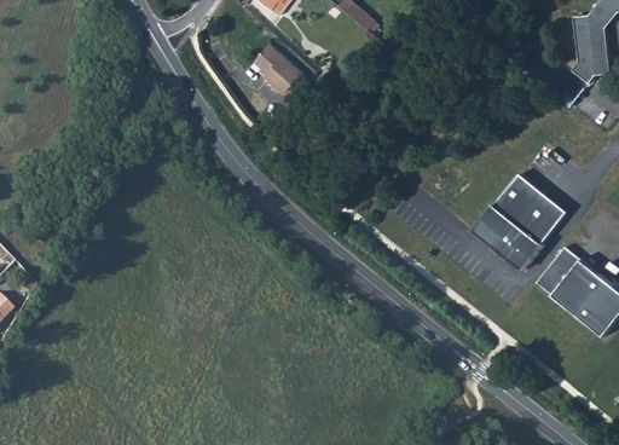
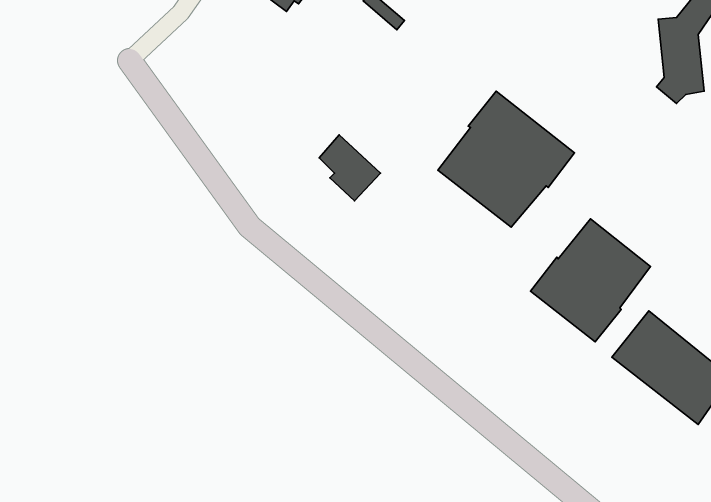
building: [260,46,308,98] -> [319,135,381,201]
building: none -> [438,91,575,227]

